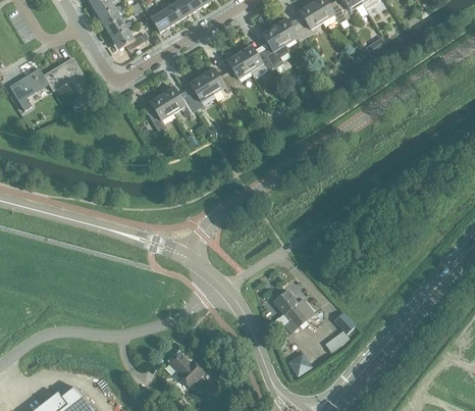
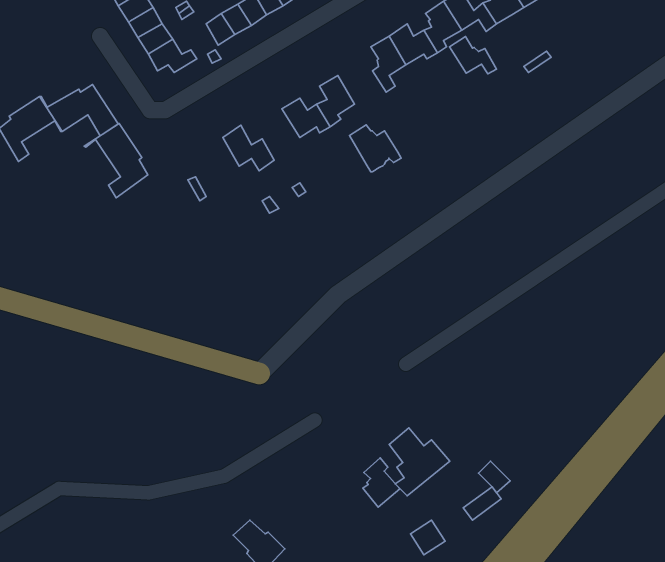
building: none -> [449,37,497,74]
building: [240,45,274,76] -> [350,125,401,172]
building: [189,74,214,109] -> none
building: none -> [84,123,148,198]
building: [148,94,173,133] -> none
building: none -> [363,458,400,507]

